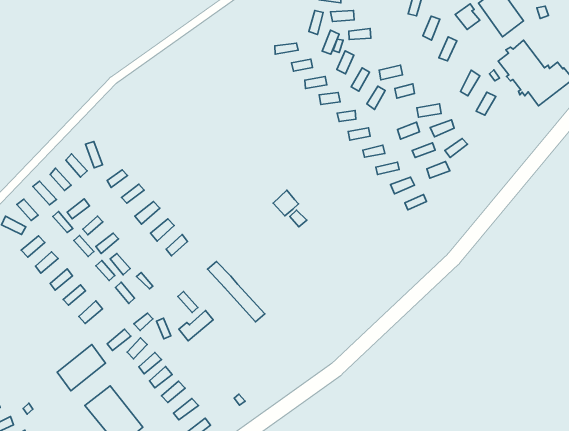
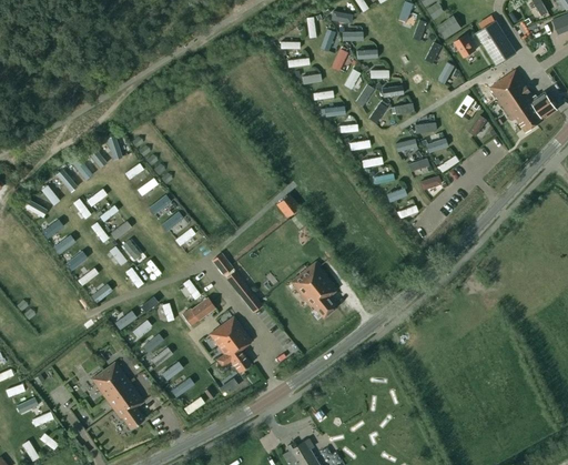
building: none -> [290,264,336,320]
building: none -> [209,316,252,373]
building: [57,345,106,391] -> none

